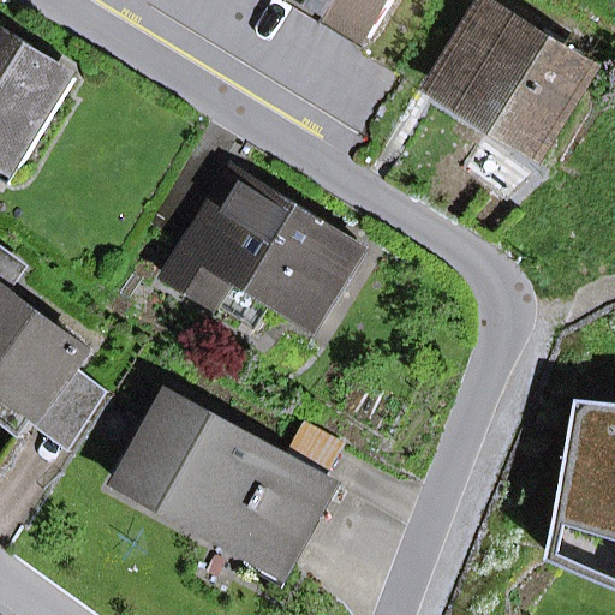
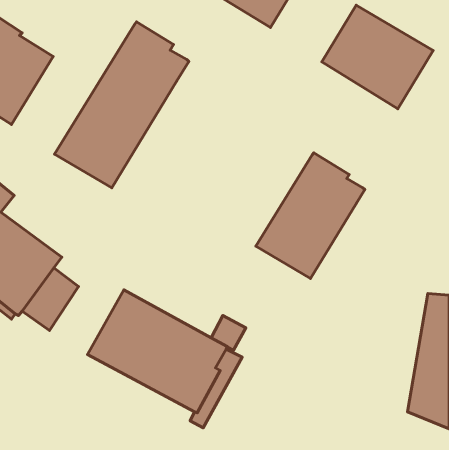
building: none -> [54,22,189,188]
building: [167,167,362,329] -> none
building: none -> [256,153,365,278]

